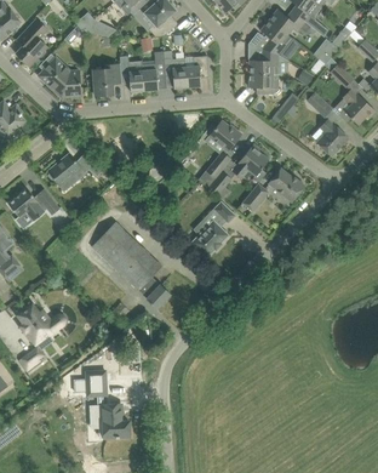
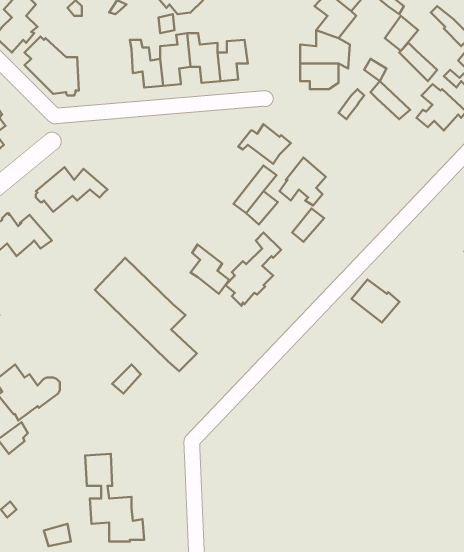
building: [92,63,121,96] -> none
building: [311,119,348,155] -> none
building: [268,169,304,201] -> [352,280,399,323]
building: none -> [190,244,229,294]

